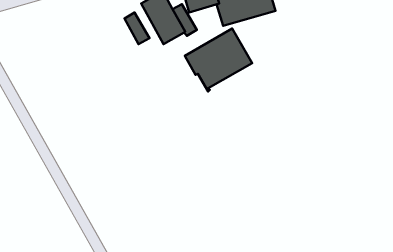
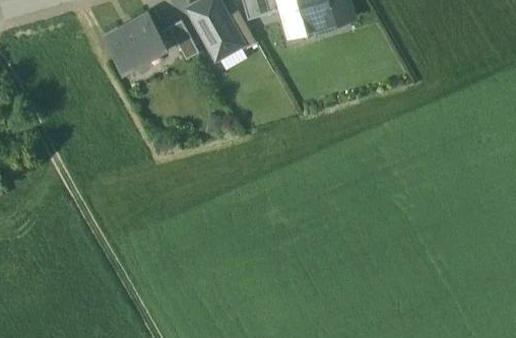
building: none -> [105,14,166,71]
building: [185,28,252,92] -> none

